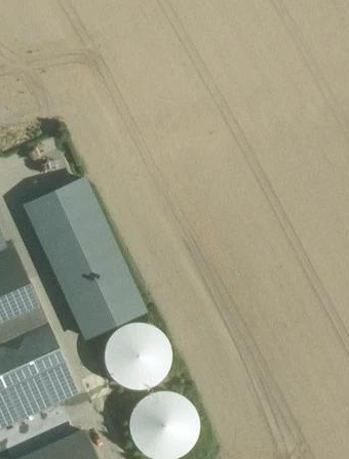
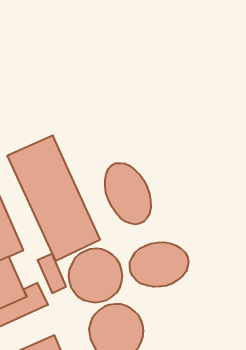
building: none -> [105,163,151,224]
building: none -> [130,242,188,287]
building: [28,325,64,374] -> [37,254,66,293]

